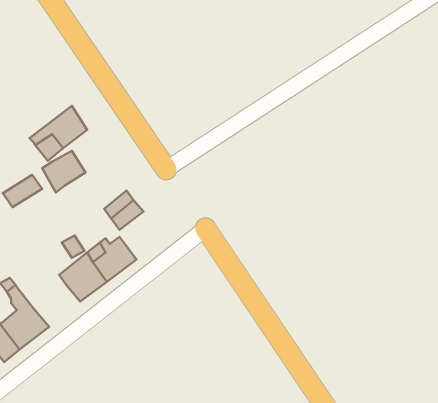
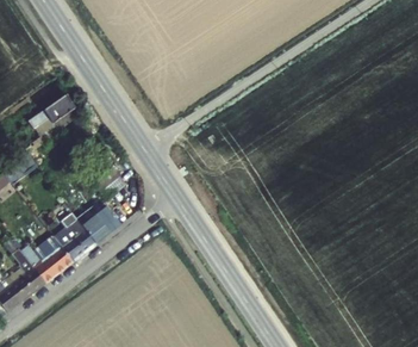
building: [42,151,85,193] -> none
building: none -> [20,243,73,280]

